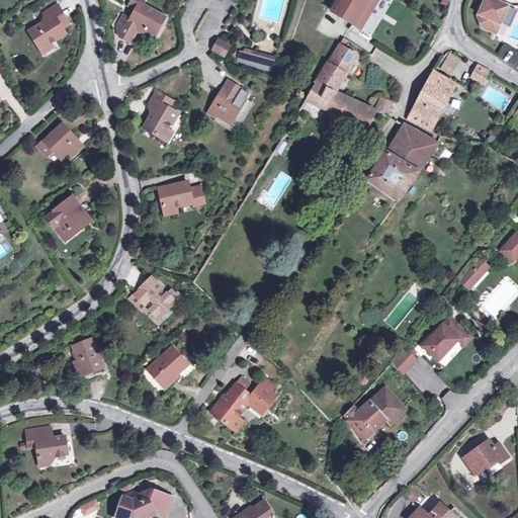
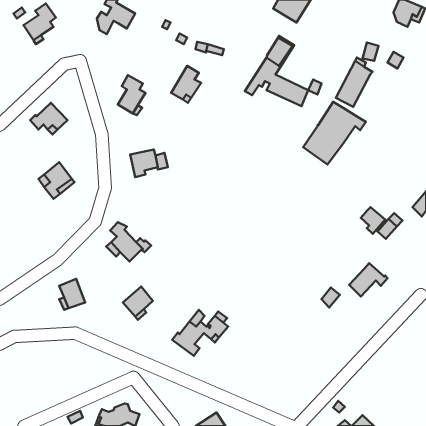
building: none -> [361,207,385,234]
building: [343,387,404,437] -> none
building: [26,429,67,465] -> none
building: [462,441,507,473] -> none

